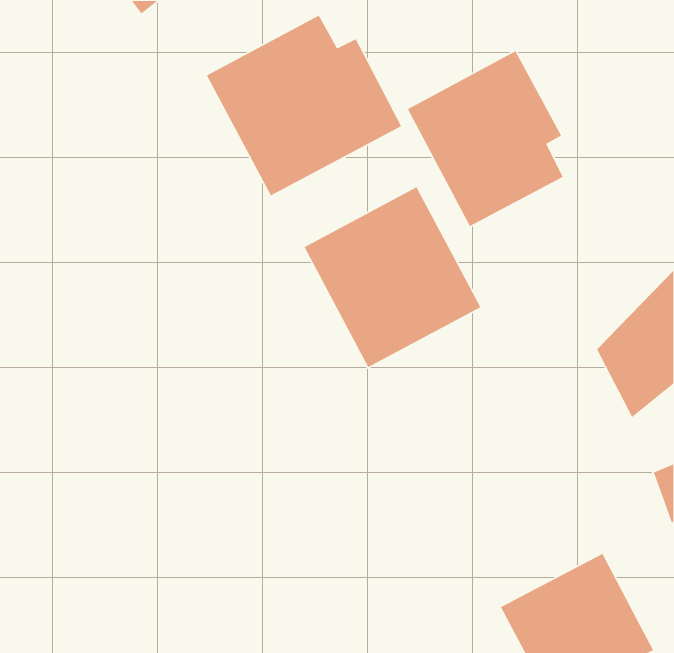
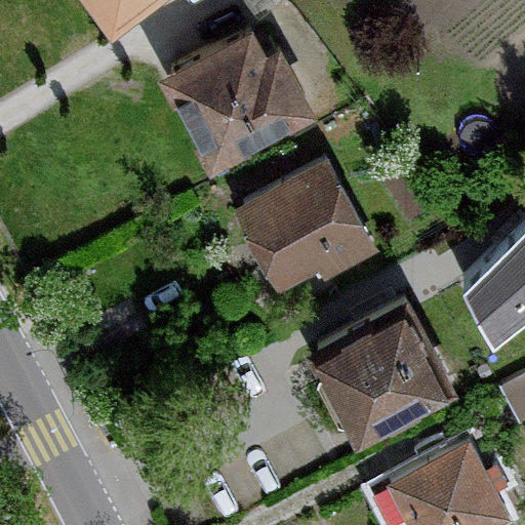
building: [407,50,564,227] -> none
building: none -> [307,300,453,443]

